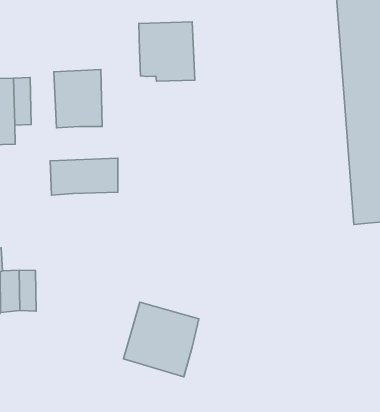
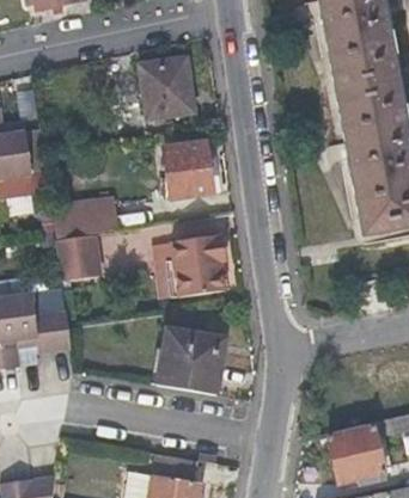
building: [54,69,102,128] -> [157,141,208,201]
building: none -> [57,234,102,282]
building: none -> [166,235,221,299]

